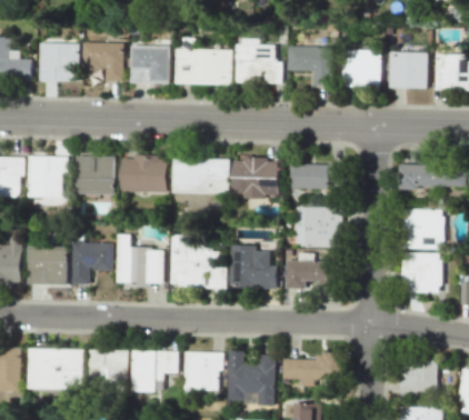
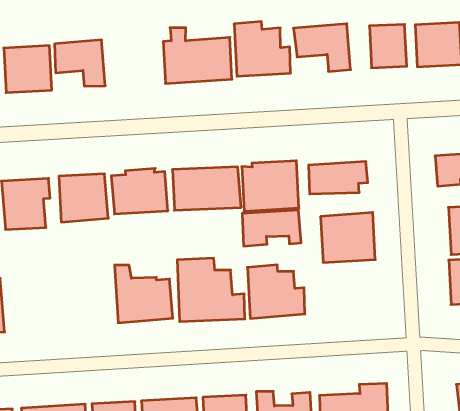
building: [129,46,168,84] -> none
building: [72,234,113,284] -> none
building: [28,247,67,286] -> none
building: [285,261,333,290] -> [242,210,301,246]

